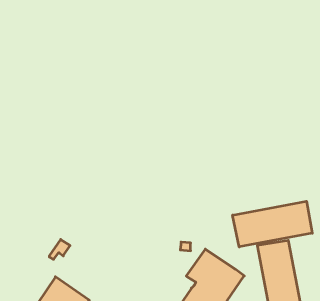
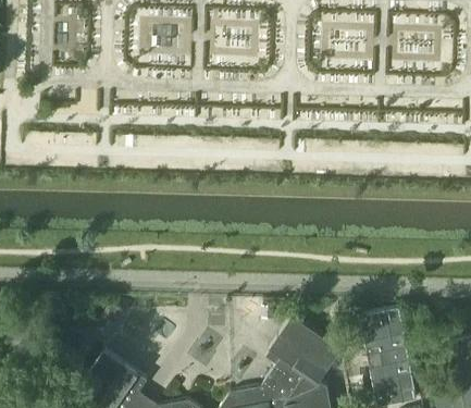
building: [233,201,312,247] -> none

